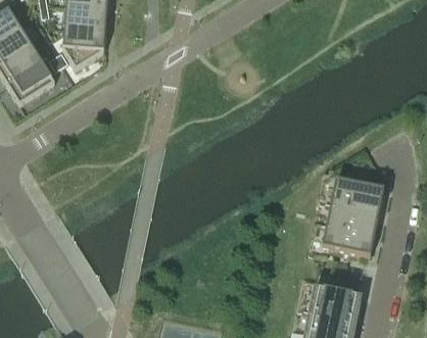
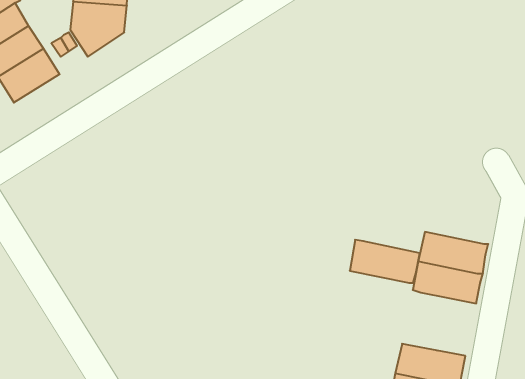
building: [331,177,384,209] -> [350,240,420,283]

